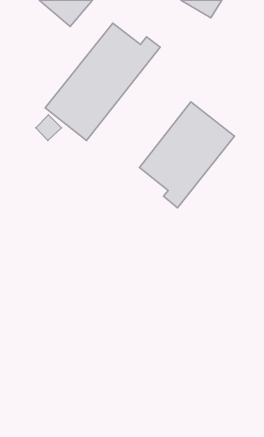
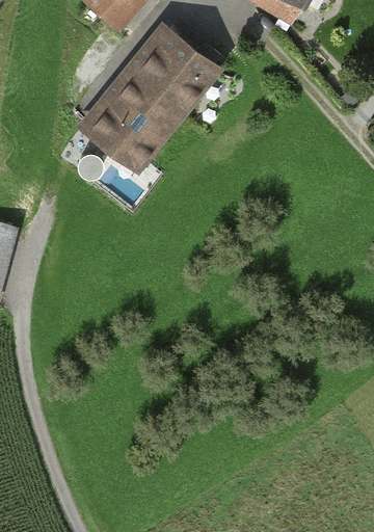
building: [140,102,234,208] -> none

